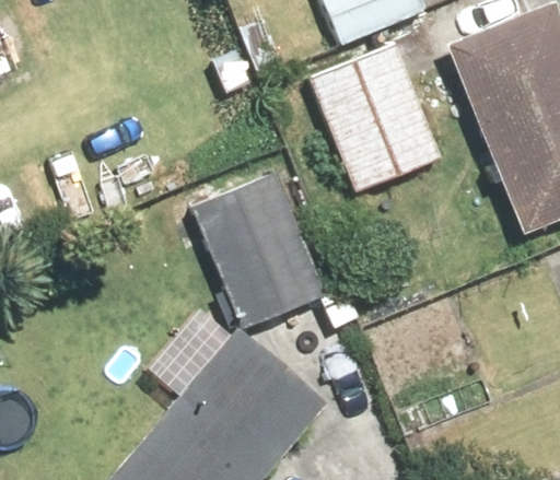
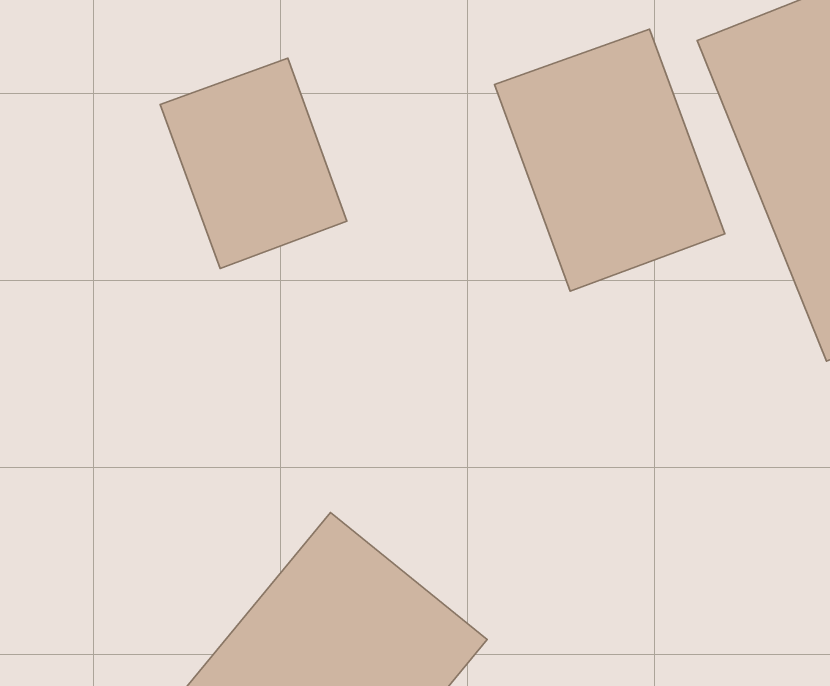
building: none -> [160,58,347,268]
building: [210,175,338,317] -> none

